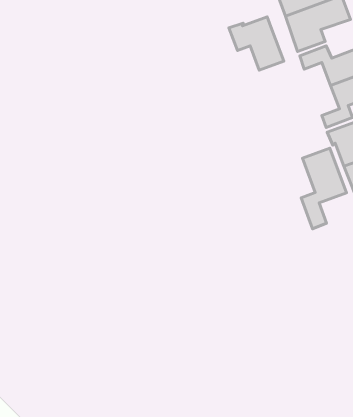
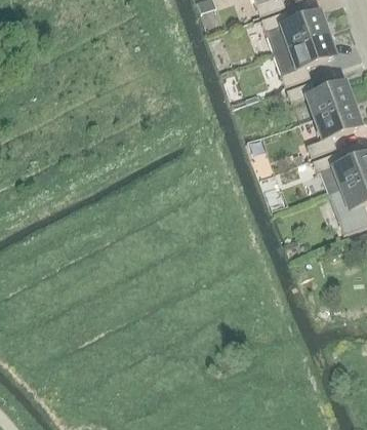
building: [229,17,284,70] -> none
building: [301,148,347,229] -> none

